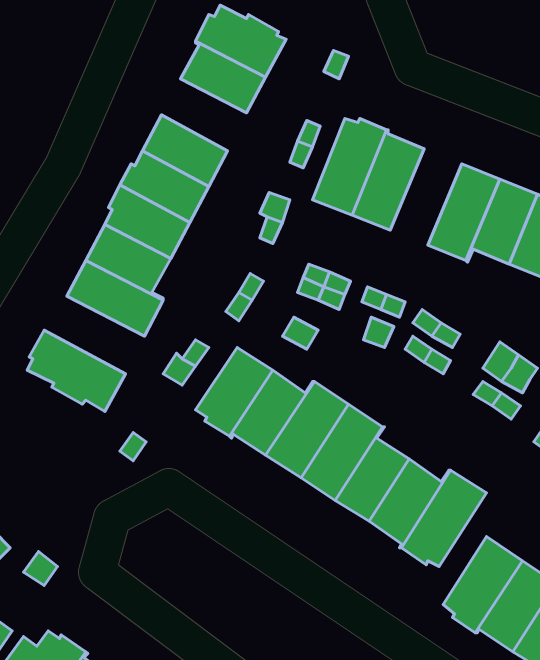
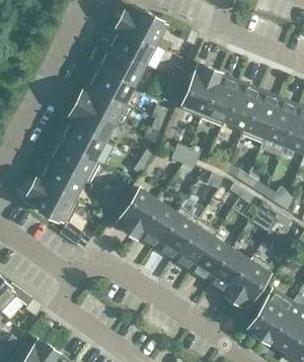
building: none -> [98,46,144,84]
building: none -> [221,83,259,134]
building: none -> [35,162,89,203]

